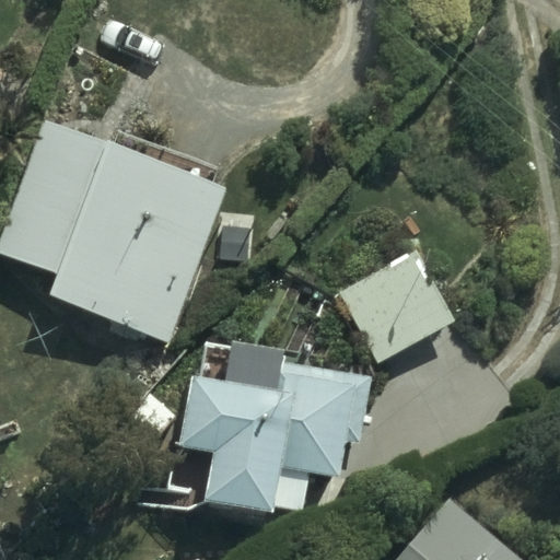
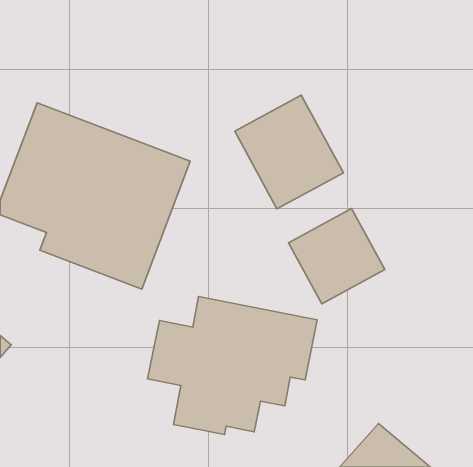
building: none -> [235,95,343,209]

